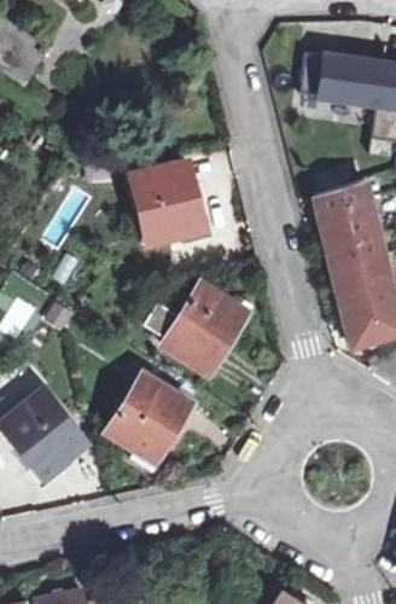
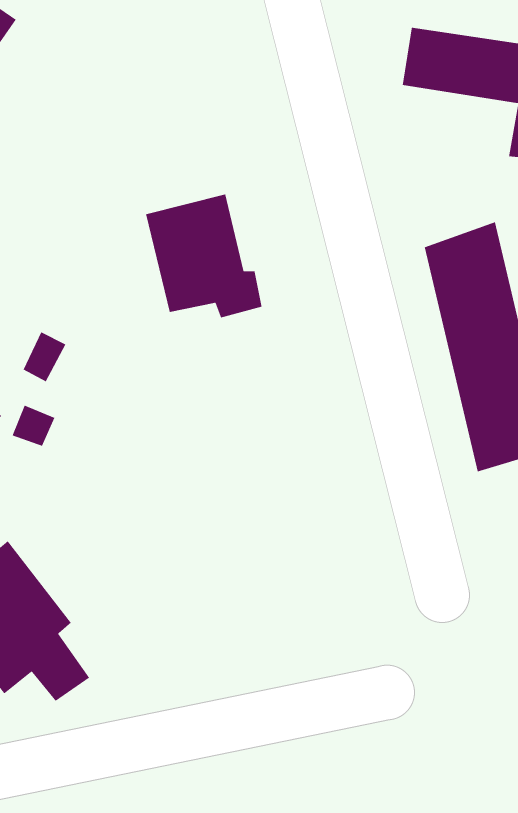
building: [162,279,255,371] -> none
building: [112,373,190,465] -> none

